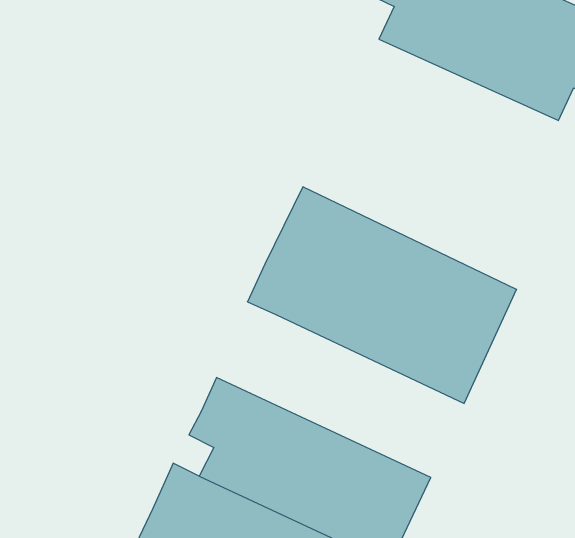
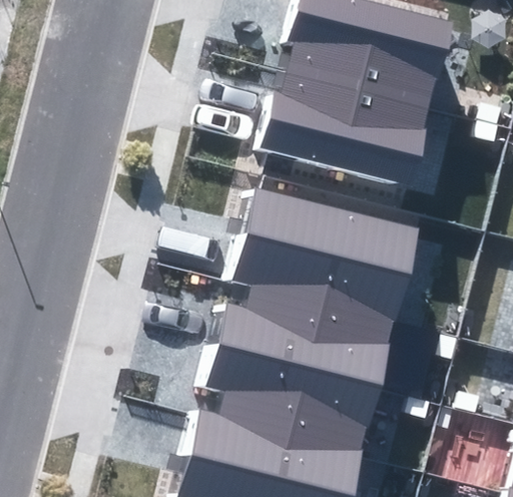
building: none -> [254,66,433,185]
building: none -> [213,284,400,384]

